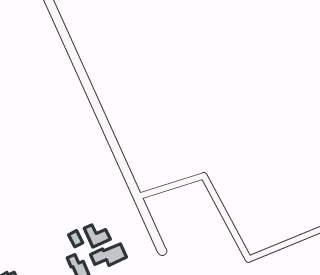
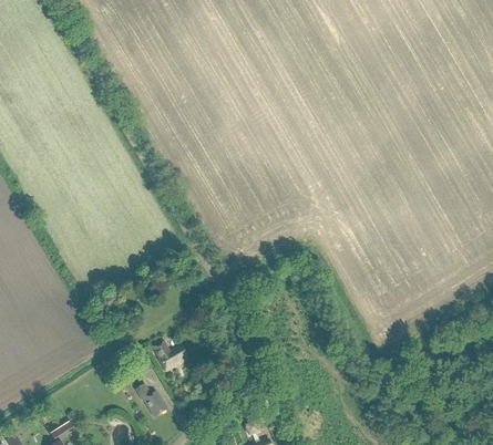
building: [90,244,127,265] -> none

